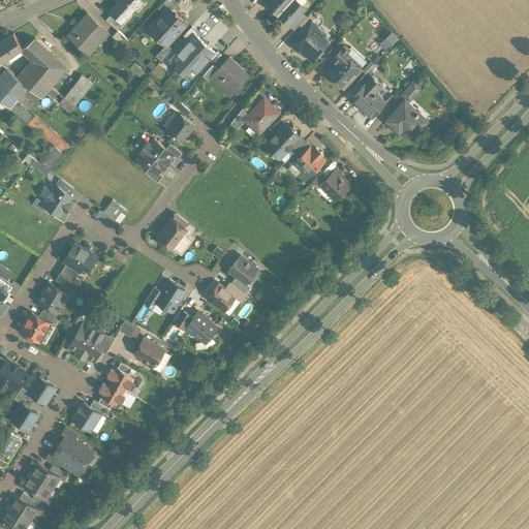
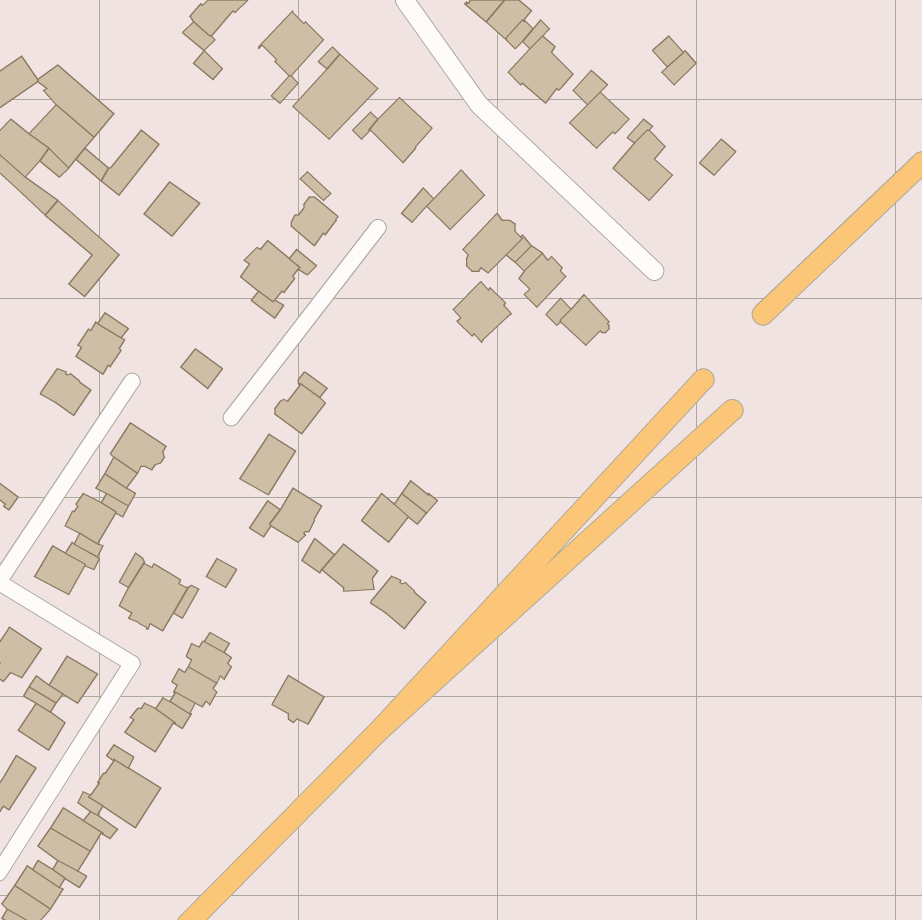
building: [67,15,106,55] -> none
building: [384,101,425,138] -> none
building: none -> [144,182,200,236]
building: none -> [453,282,511,342]
building: none -> [40,369,91,415]
building: none -> [240,434,296,495]
building: [228,257,256,285] -> none
building: none -> [370,576,426,629]
building: [133,339,163,367] -> [272,675,324,724]

